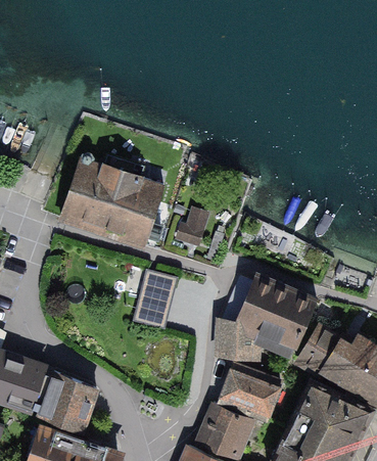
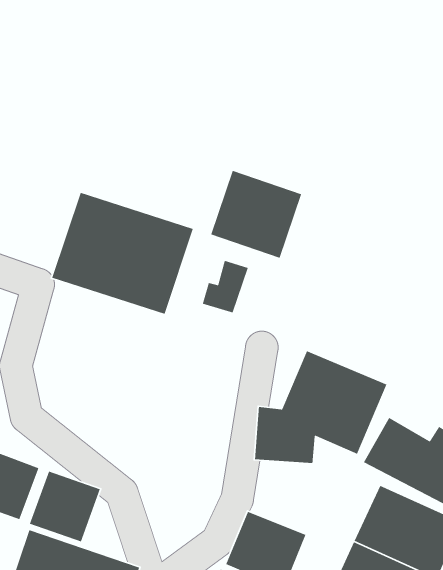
building: none -> [210,170,302,259]
building: [132,271,176,329] -> none
building: [218,368,282,421] -> none

